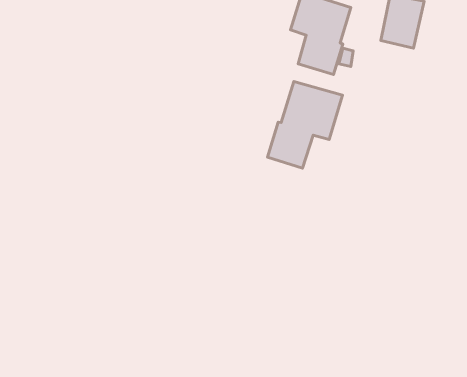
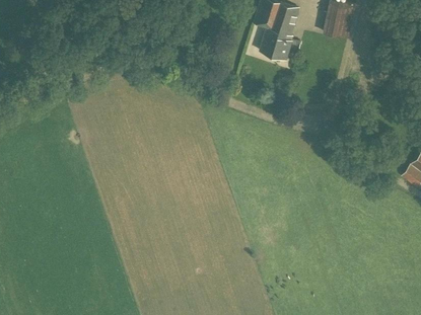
building: [268,82,342,168] -> none

